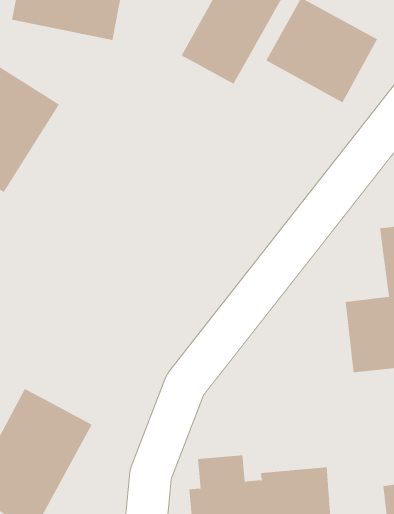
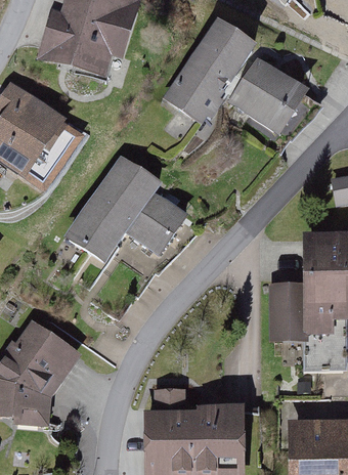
building: none -> [67,161,191,268]

